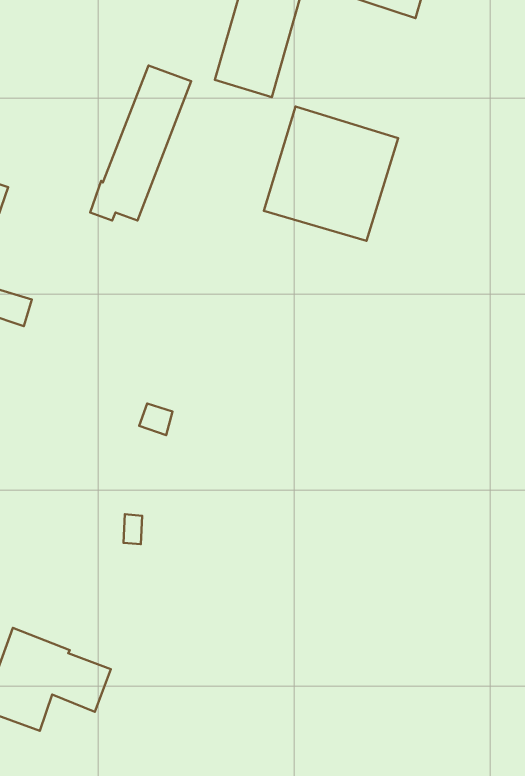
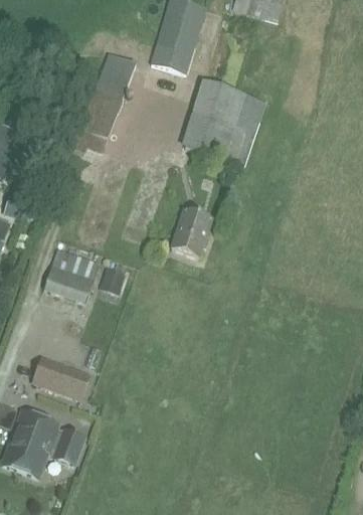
building: none -> [173,209,212,256]
building: none -> [44,246,101,303]
building: none -> [32,355,92,400]

